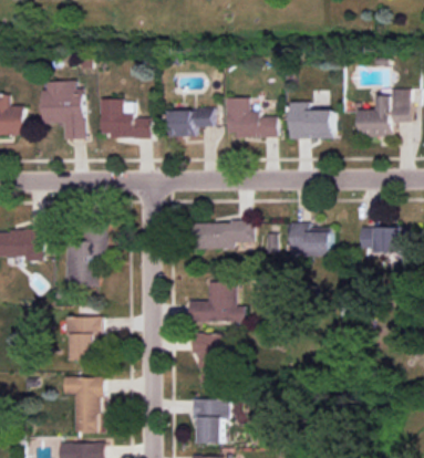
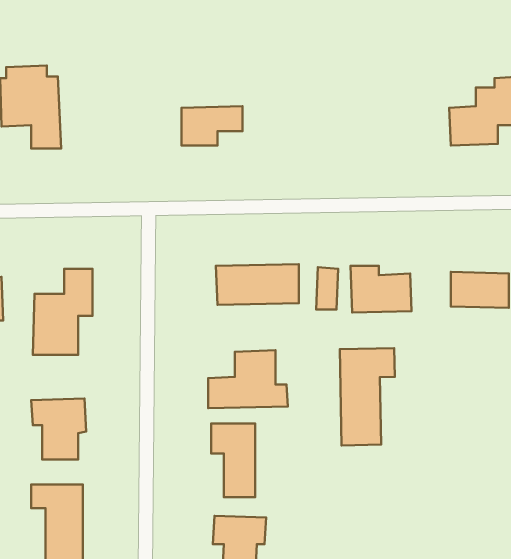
building: [226,98,277,138] -> none
building: [100,100,151,138] -> none
building: [289,102,333,139] -> none
building: none -> [340,348,395,445]

